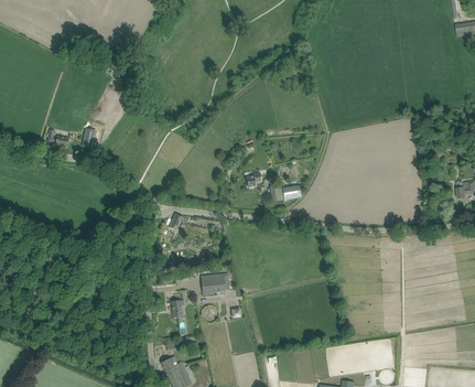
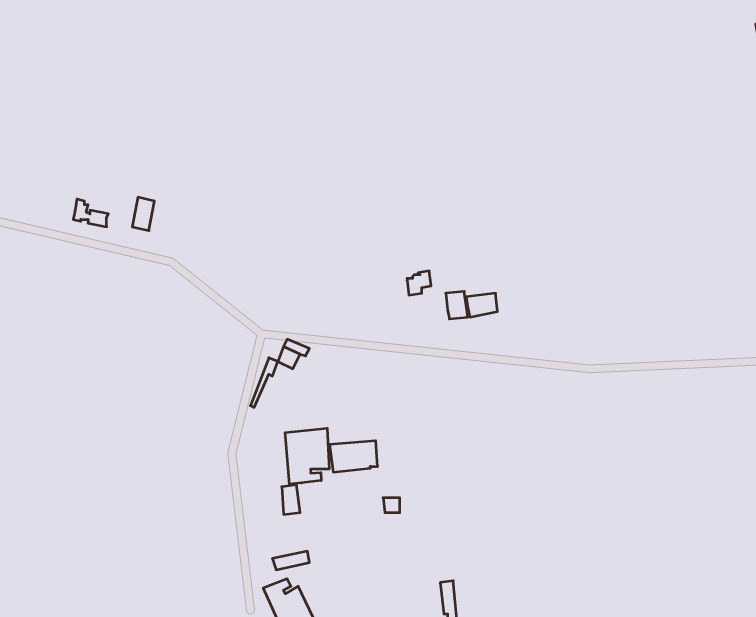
building: none -> [285,428,329,484]

